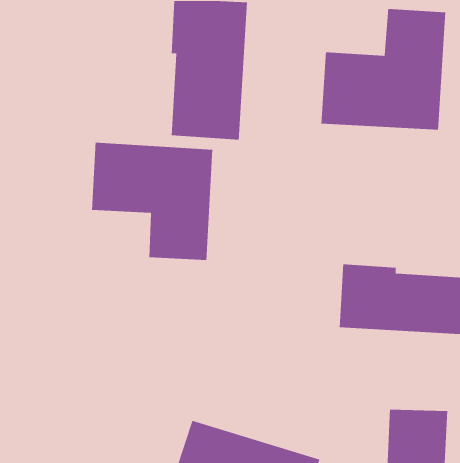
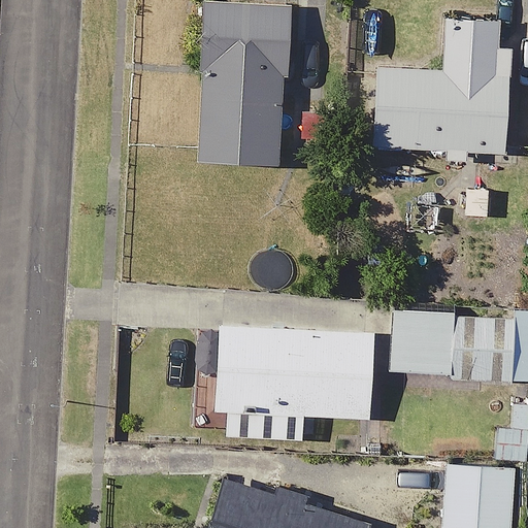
building: [91,142,213,261] -> none
building: none -> [213,327,373,419]

